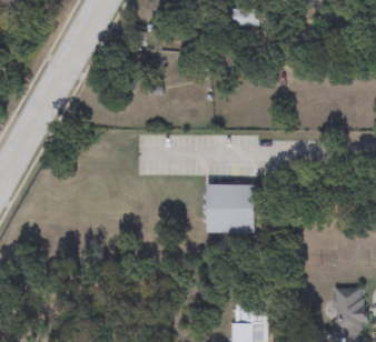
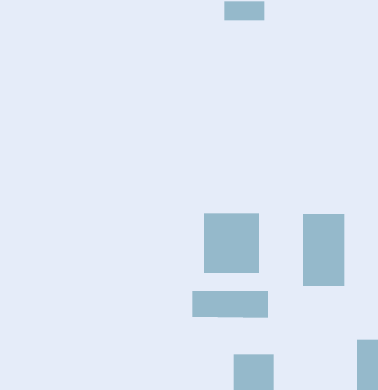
building: none -> [303,213,345,287]
building: none -> [192,290,269,319]

